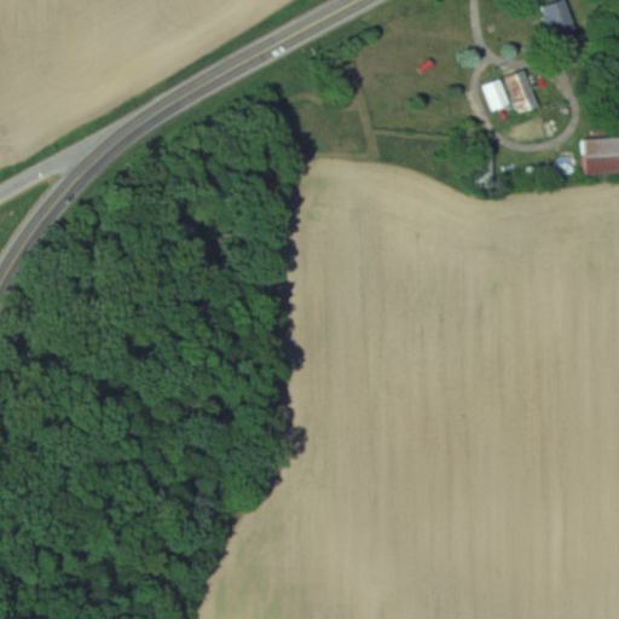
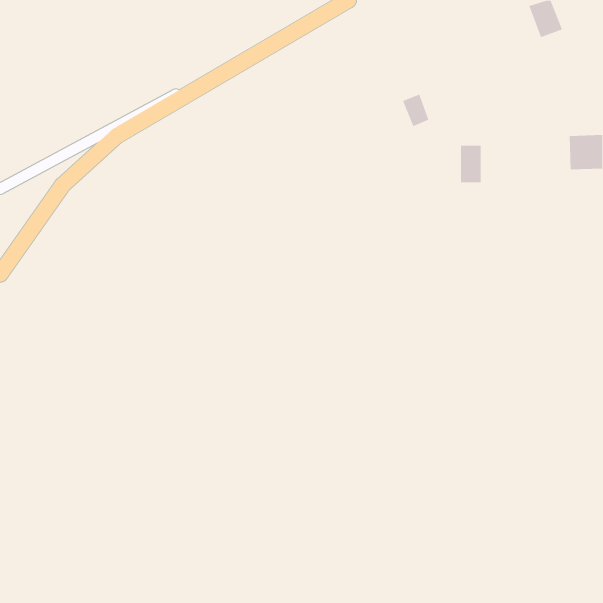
building: [504,69,539,115] -> none
building: [481,79,509,112] -> [402,94,429,127]

